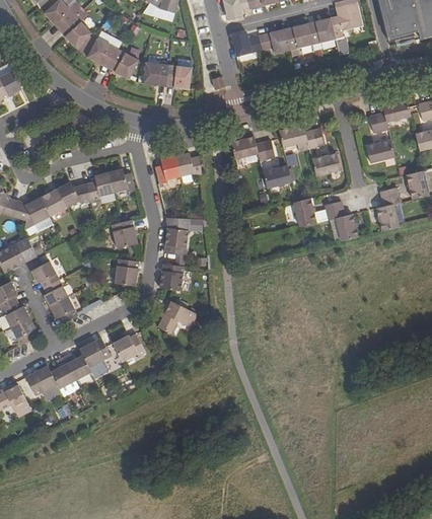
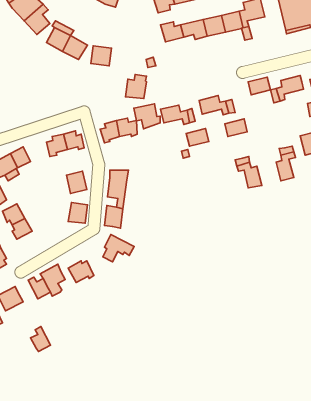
building: [165,58,192,88] -> [125,74,146,99]
building: none -> [134,104,160,129]
building: [366,140,394,162] -> [248,77,270,95]
building: [57,181,90,207] -> none
building: [293,198,315,227] -> none
building: [49,295,78,323] -> none
building: [50,357,75,388] -> [30,327,51,351]

